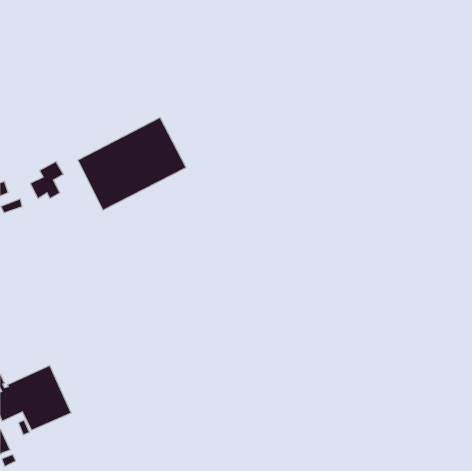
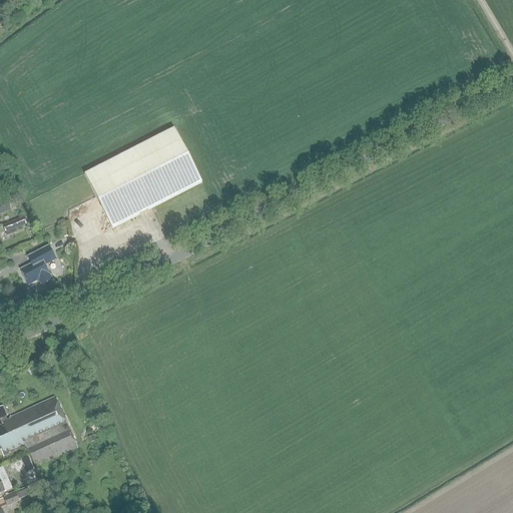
building: [30,161,64,198] -> [19,244,55,285]

